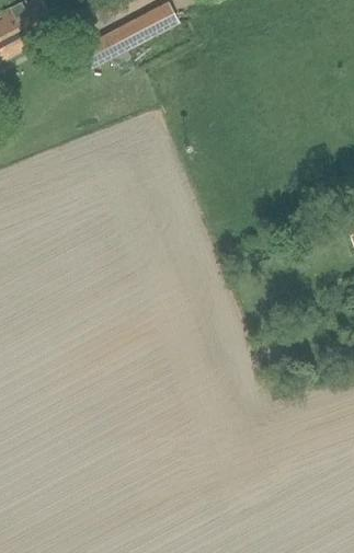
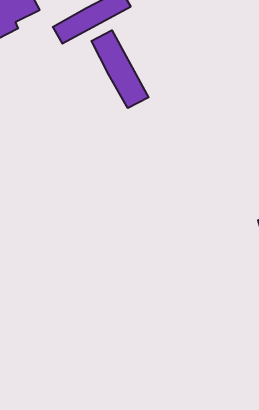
building: none -> [91,30,149,108]

